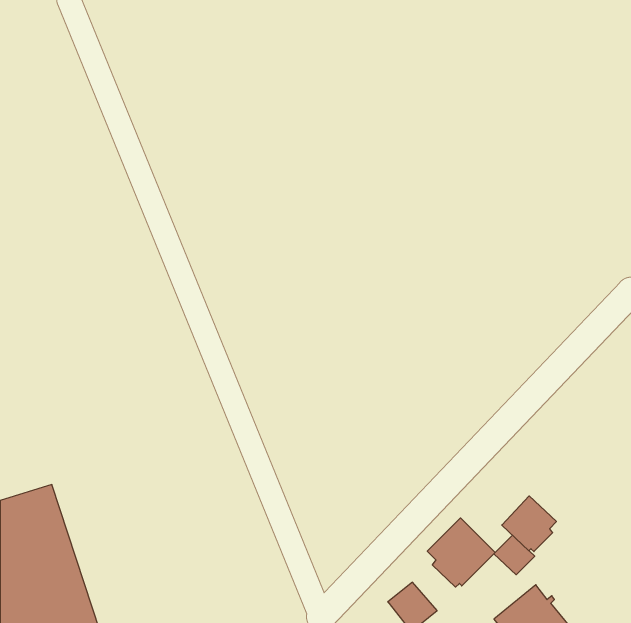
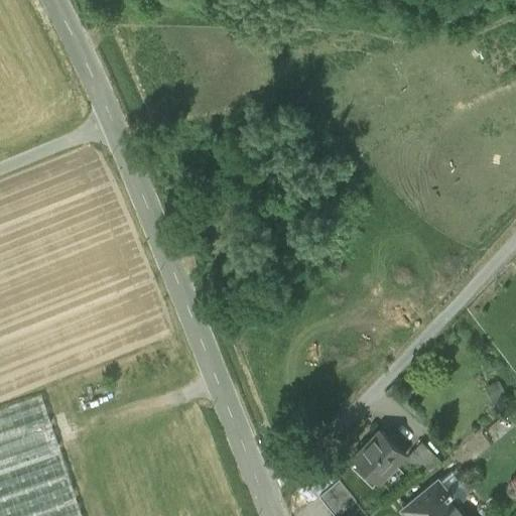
building: [502,496,556,552] -> none

